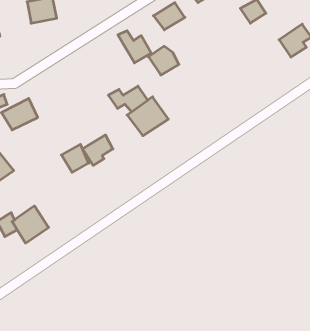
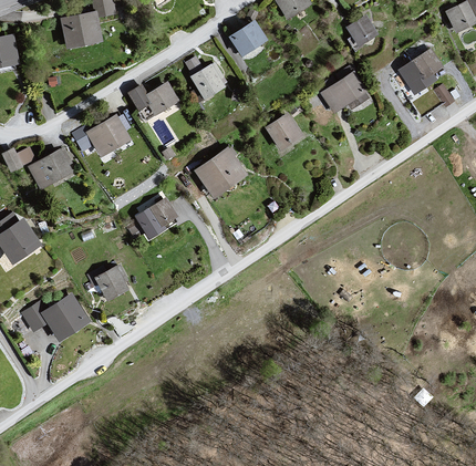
building: none -> [317,70,370,111]
building: [148,46,179,75] -> [265,112,306,151]
building: none -> [83,115,132,157]
building: [108,86,148,112] -> [126,81,179,115]
building: [61,144,89,172] -> [93,262,130,300]

